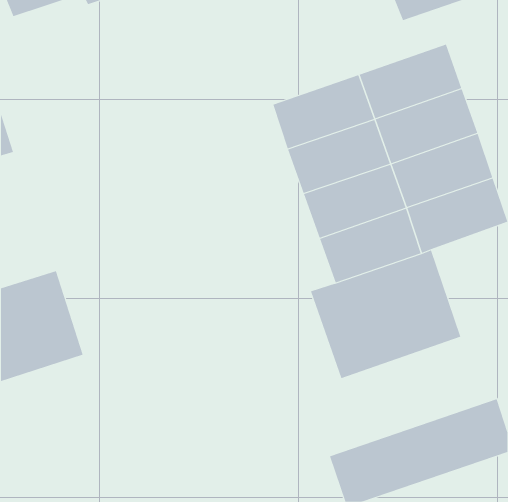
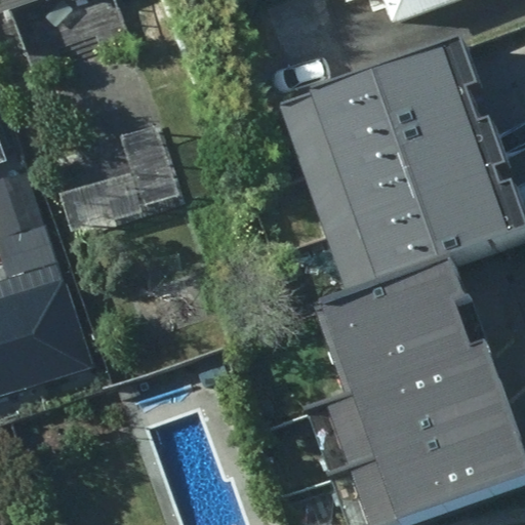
building: none -> [40,124,186,236]
building: none -> [316,342,513,471]

